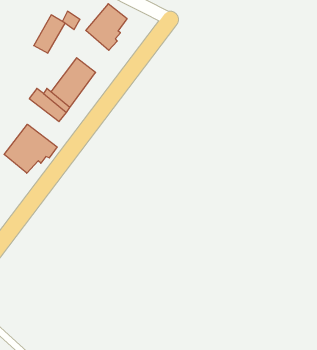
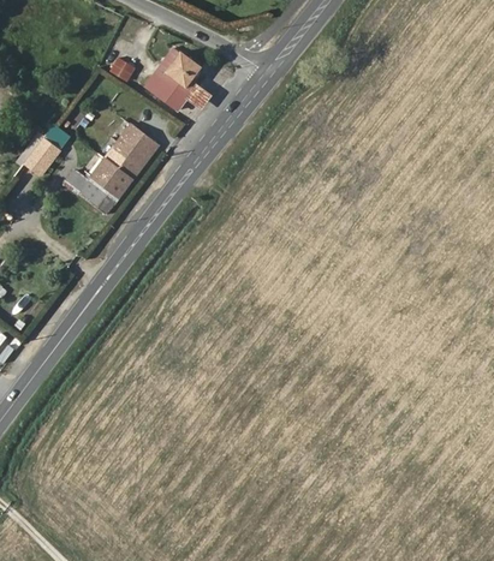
building: [34,15,65,53] -> [24,119,70,174]
building: [4,124,57,173] -> none

